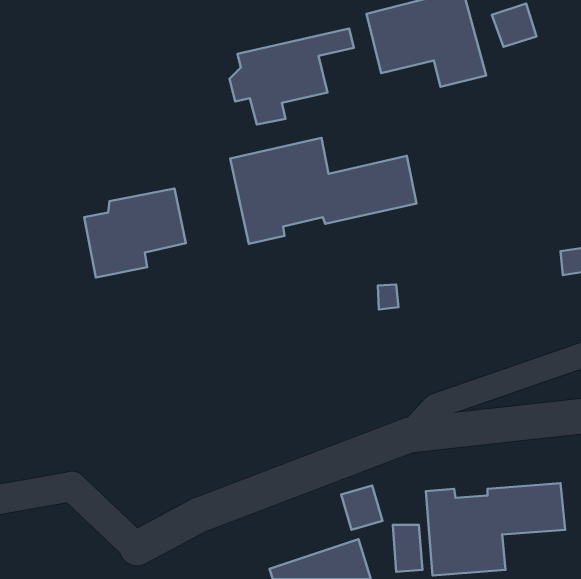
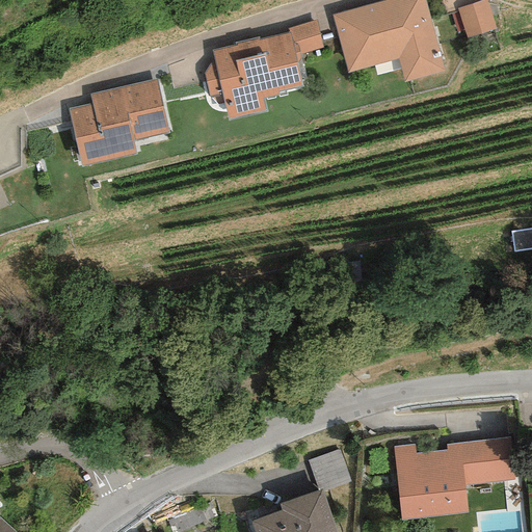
building: [230,138,416,244] -> none
building: [84,188,186,278] -> [73,80,165,161]
building: [393,525,422,572] -> none

